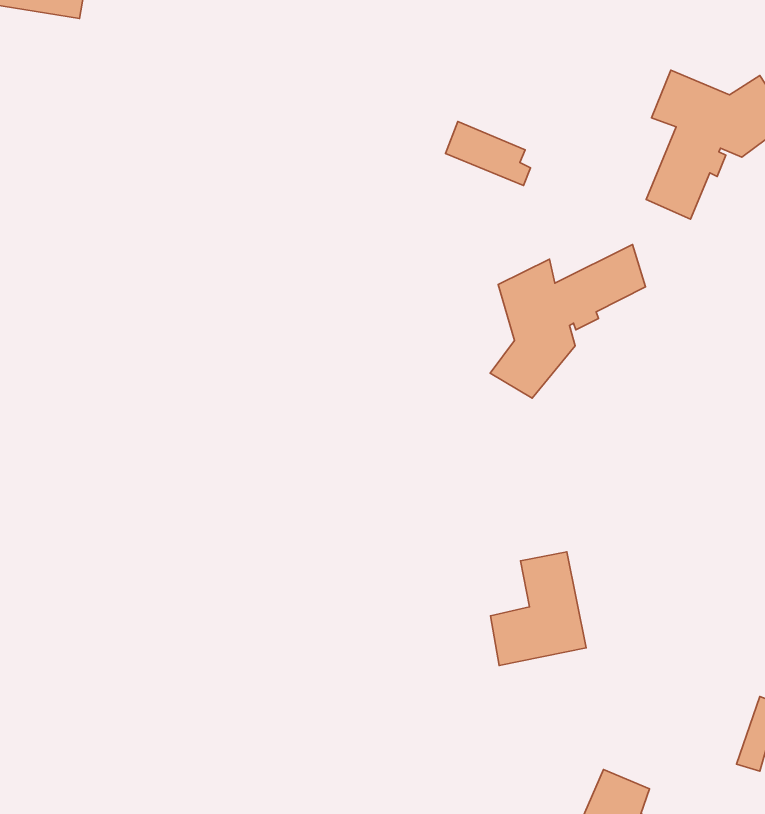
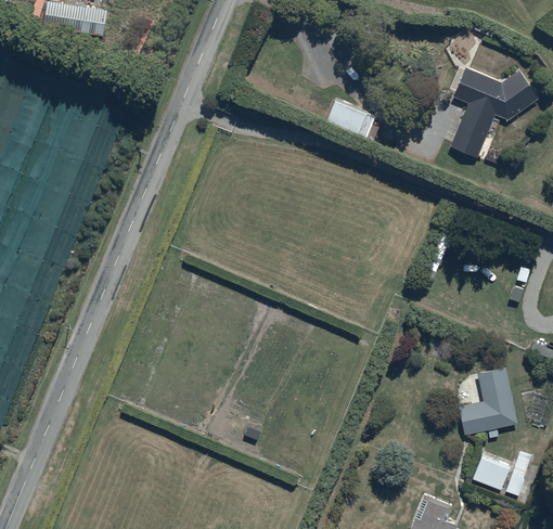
building: [490,244,646,398] -> none
building: [490,552,586,666] -> [459,367,517,437]
building: none -> [473,456,511,491]

